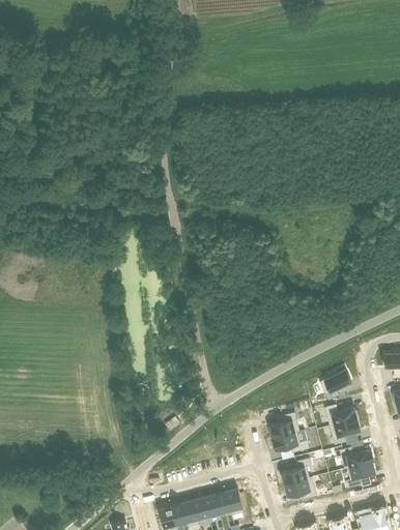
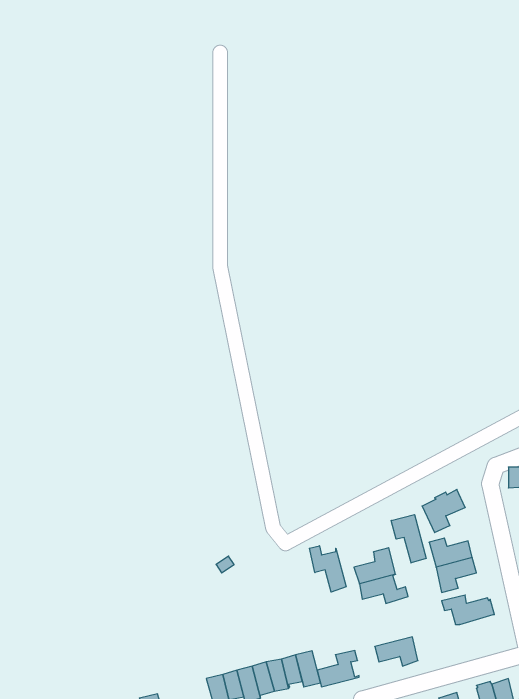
building: none -> [391,515,426,563]
building: none -> [309,546,346,592]
building: [281,459,312,485] -> [317,651,359,687]
building: [345,462,375,489] -> none

